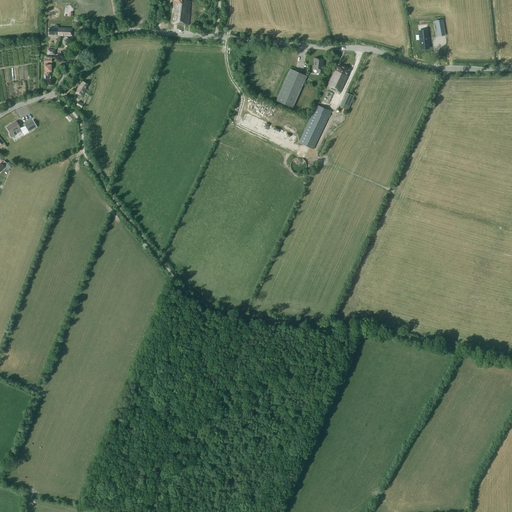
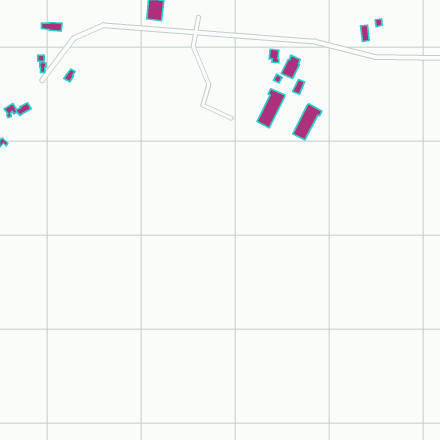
building: [276,69,306,107] -> none
building: none -> [293,104,322,140]

